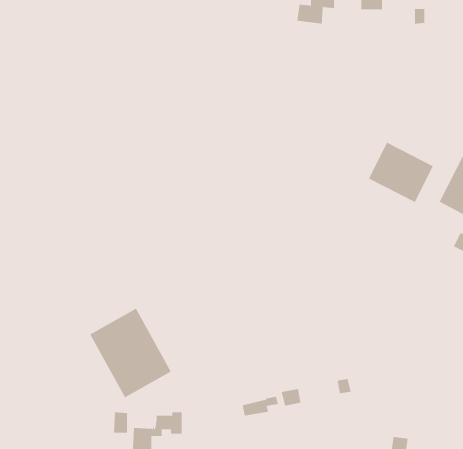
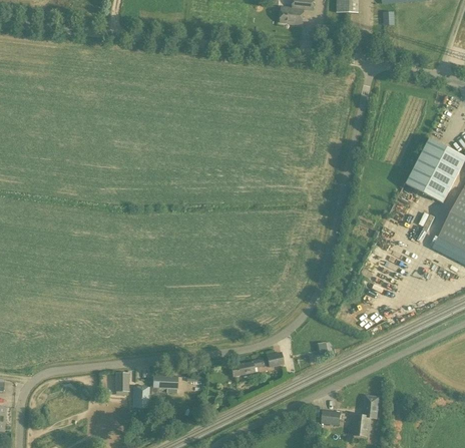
building: [368,142,434,203] -> none
building: [89,308,171,398] -> none

